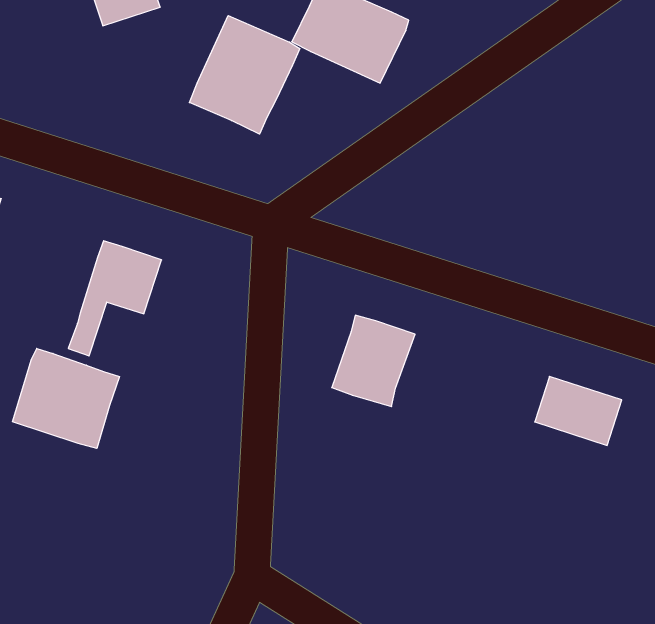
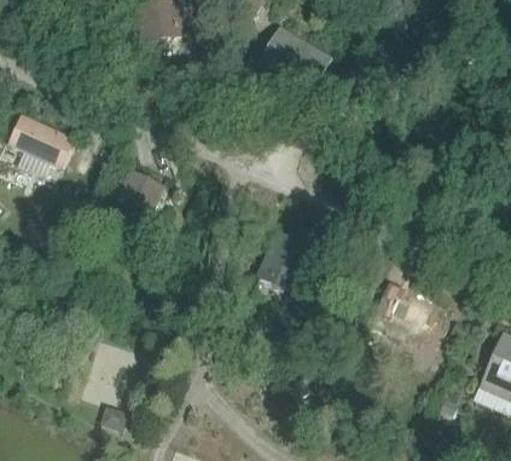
building: [189,16,300,134] -> none
building: [12,348,120,448] -> none

